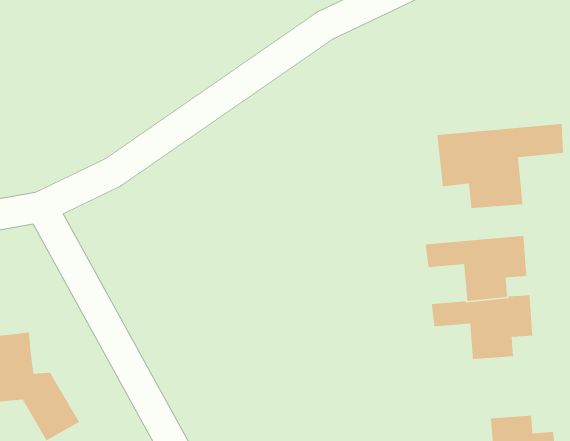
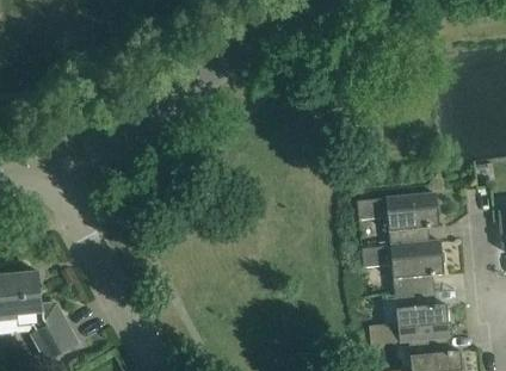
building: [436,123,564,209] -> none
building: none -> [368,291,449,345]

